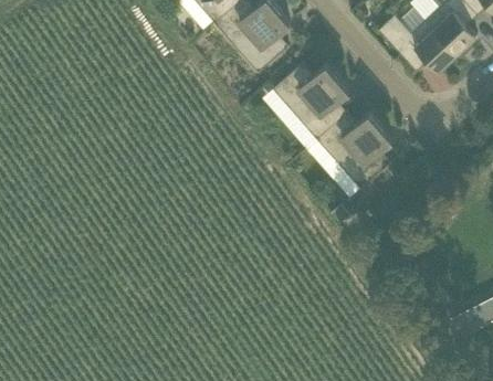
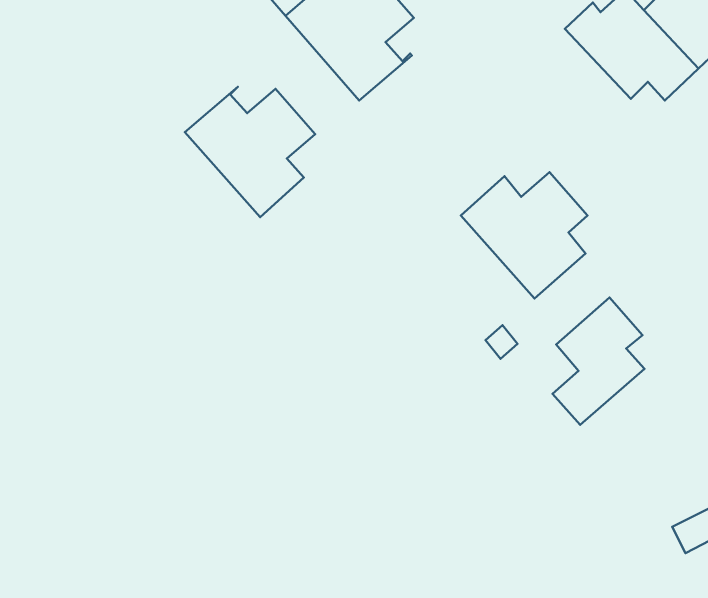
building: [274,63,350,139] -> [185,87,315,217]
building: none -> [553,297,645,425]

